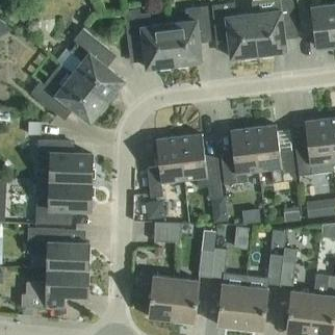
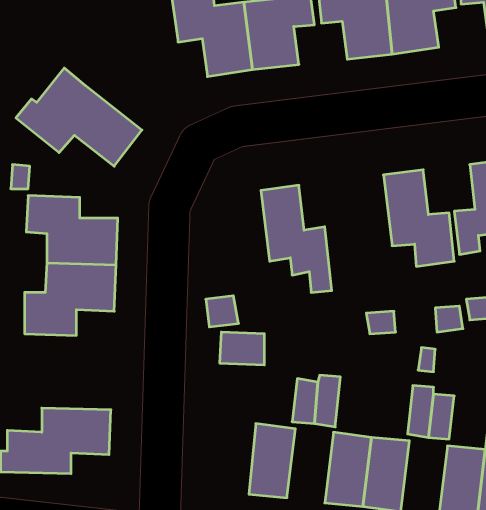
building: [56,28,124,101] -> none
building: [222,128,258,185] -> none
building: [147,137,184,198] -> none
building: [27,228,89,269] -> none
building: [149,276,176,320] -> none

